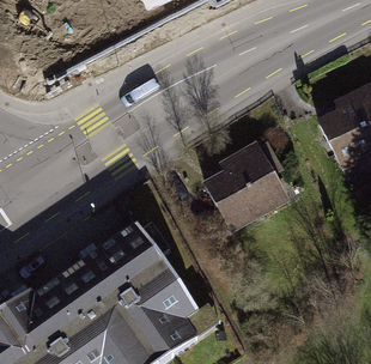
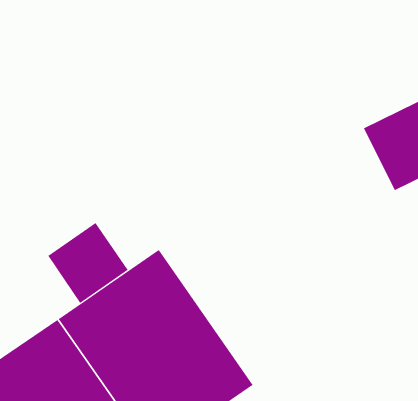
building: [200,148,285,231] -> none
building: none -> [47,222,129,304]

